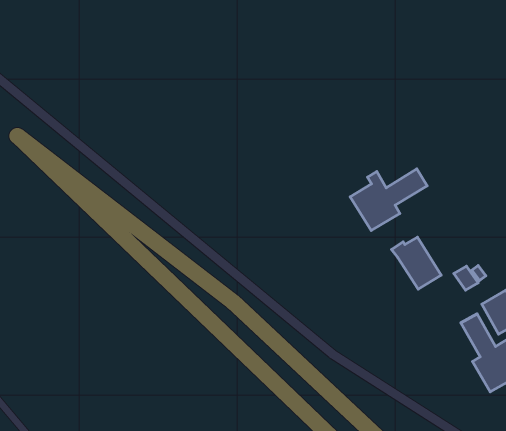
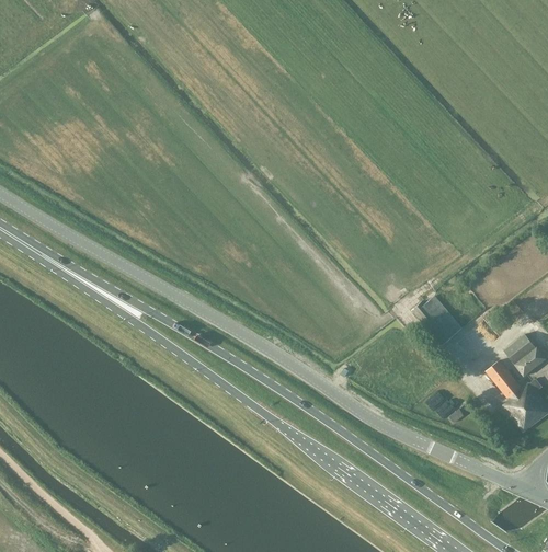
building: [350,169,427,231] -> none

